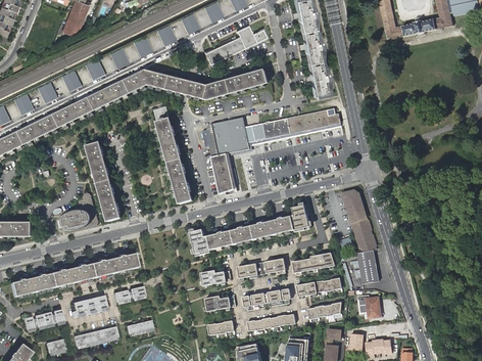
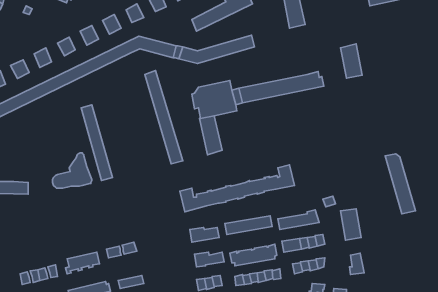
building: [304,58,327,94] -> [341,44,362,78]
building: [344,190,376,253] -> [385,154,416,214]
building: [11,255,138,298] -> none

